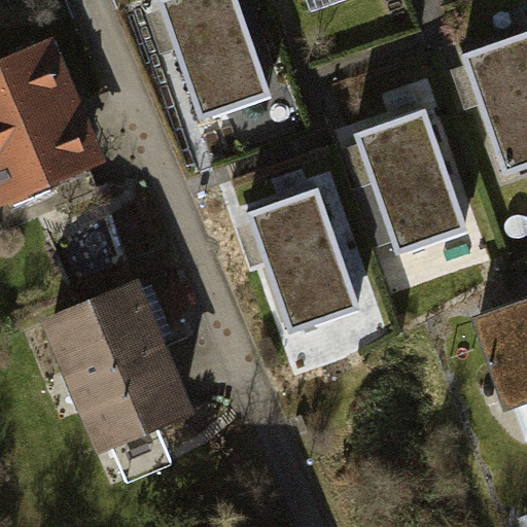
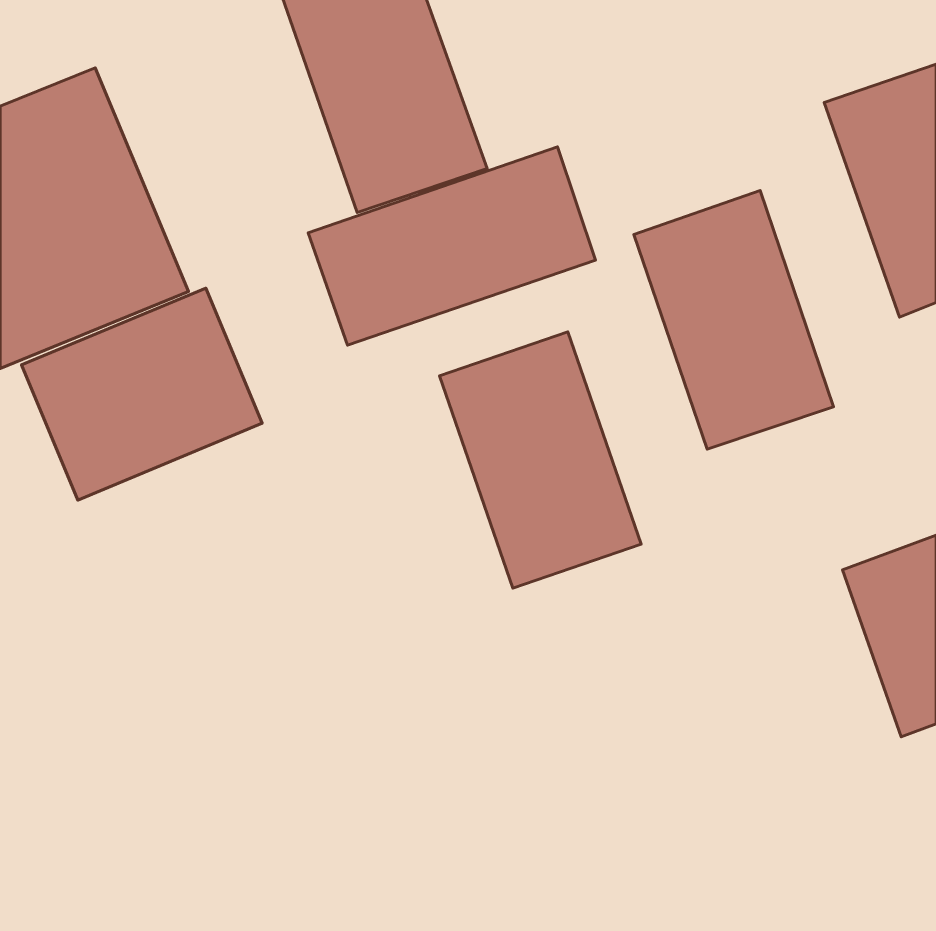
building: none -> [308,147,595,345]
building: none -> [21,288,262,500]
building: [41,282,196,458] -> none

